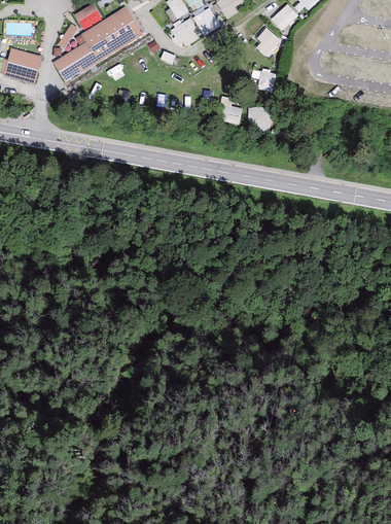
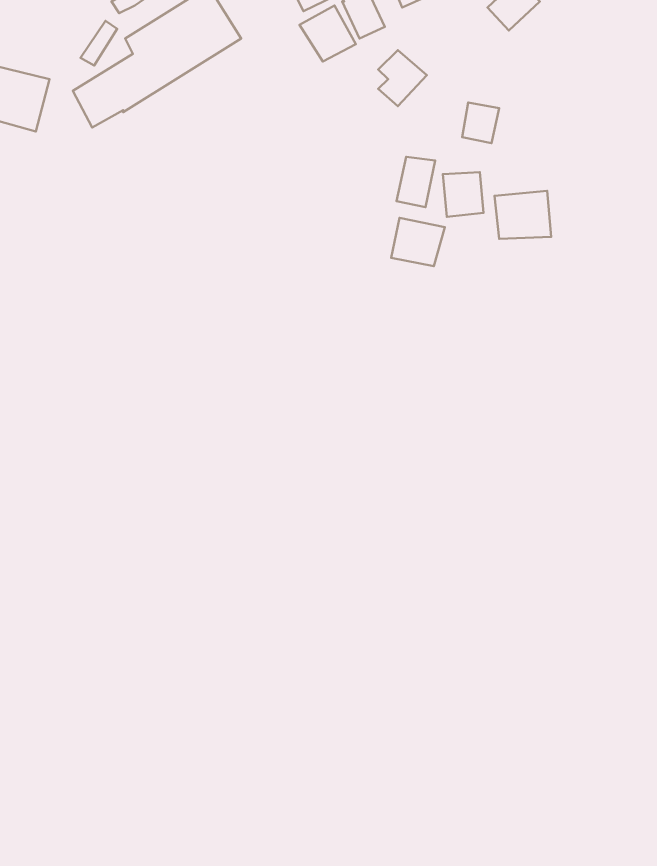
building: [257,27,283,57] -> [378,50,427,106]
building: none -> [495,191,551,239]
building: none -> [391,218,445,266]

